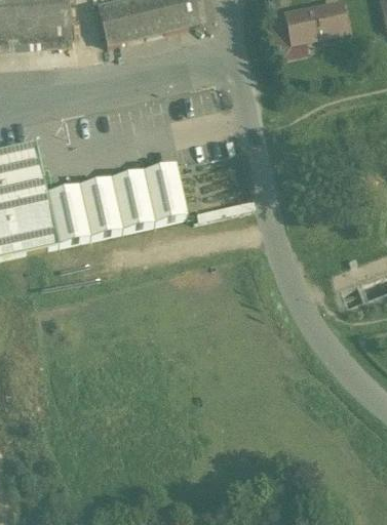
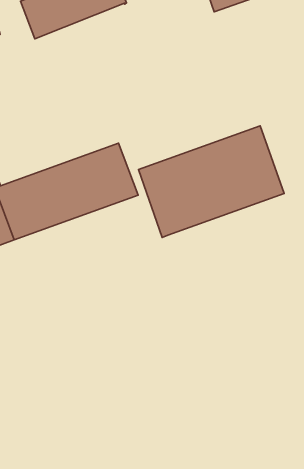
building: none -> [138,126,284,237]

